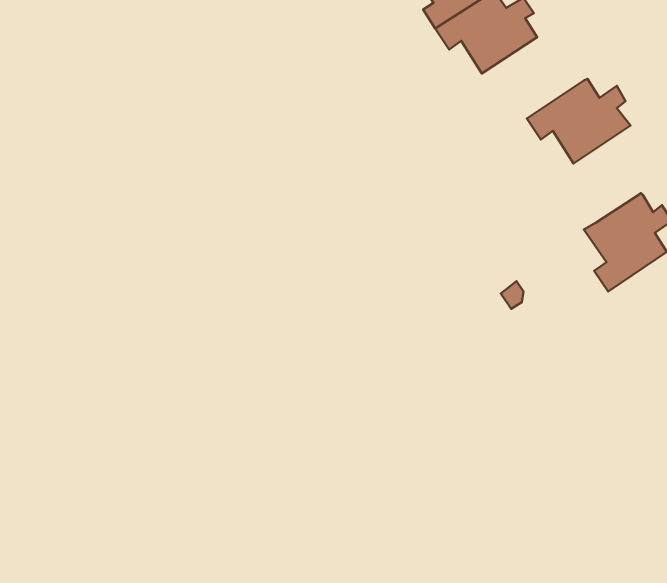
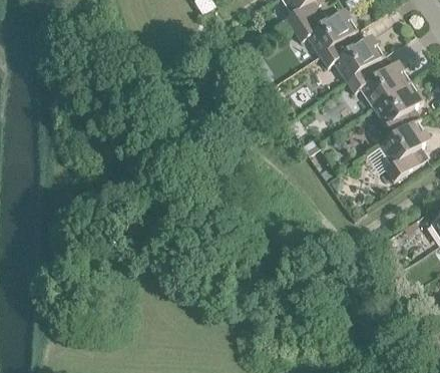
building: none -> [320,32,379,80]
building: none -> [373,84,423,140]

